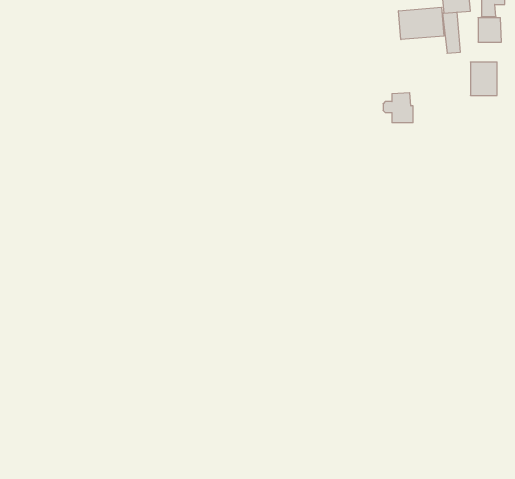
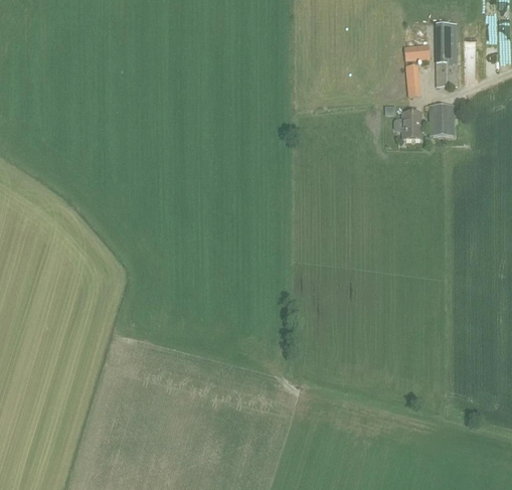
building: [399,7,444,40] -> none
building: [383,93,413,123] -> [393,111,420,138]

